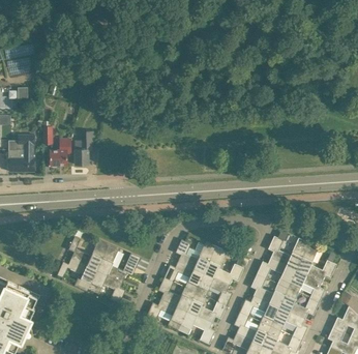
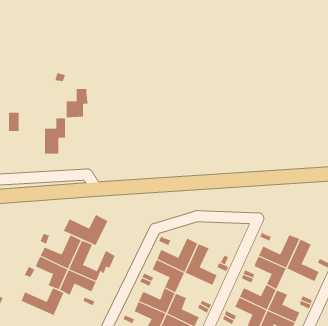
building: [50,139,70,166] -> [66,88,88,118]
building: none -> [63,214,108,246]
building: [287,269,322,293] -> none
building: [195,273,229,296] -> none
building: none -> [21,287,64,316]

